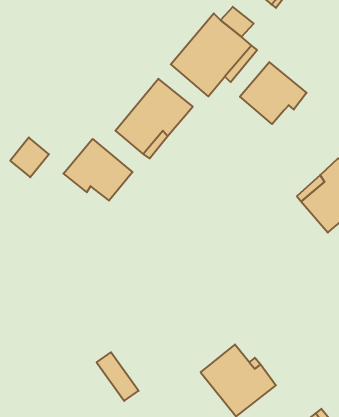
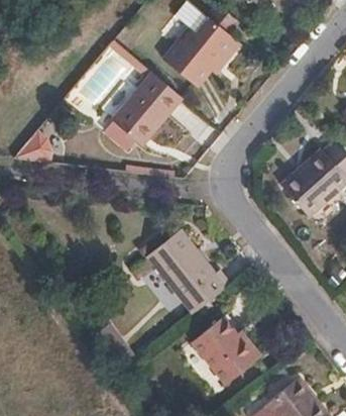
building: [240,62,307,124] -> none
building: [63,139,133,201] -> none
building: none -> [149,229,230,314]

